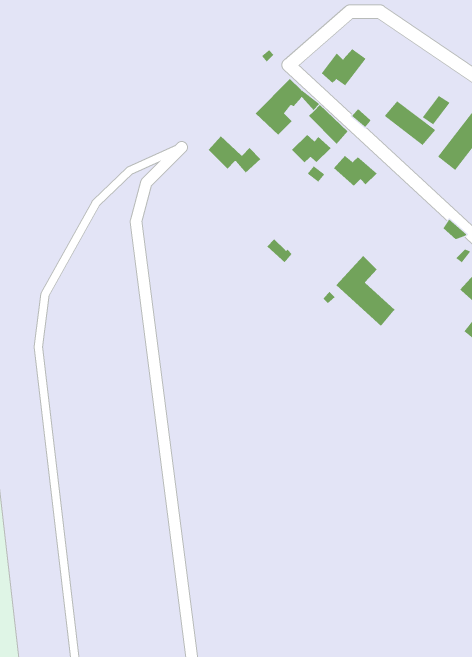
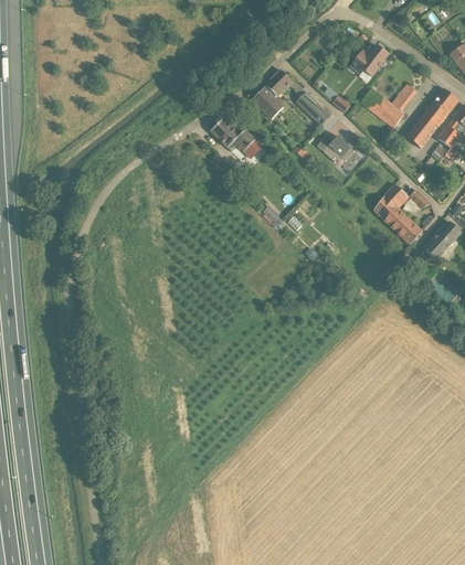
building: [321,48,366,86] -> [350,44,389,76]
building: [291,134,331,163] -> none
building: [336,255,396,327] -> [372,183,423,244]

